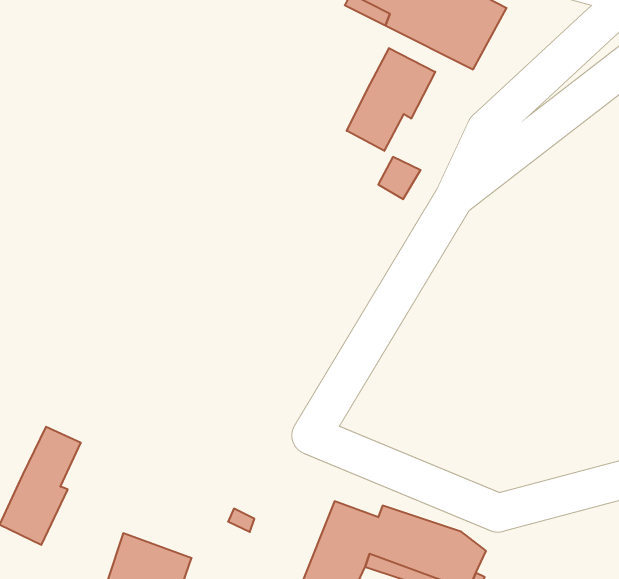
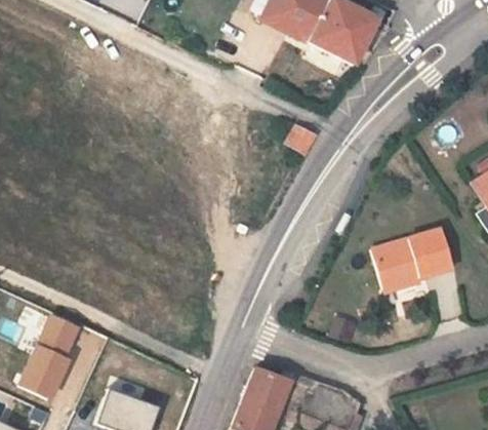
building: [347,48,435,151] -> none
building: none -> [374,231,451,289]

